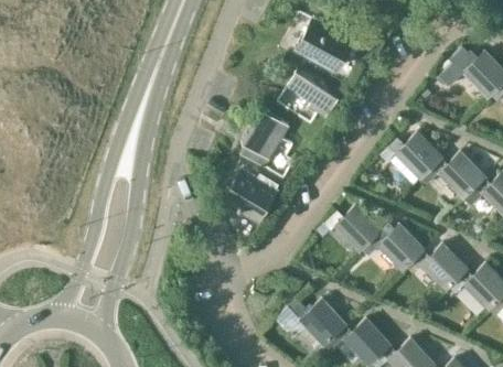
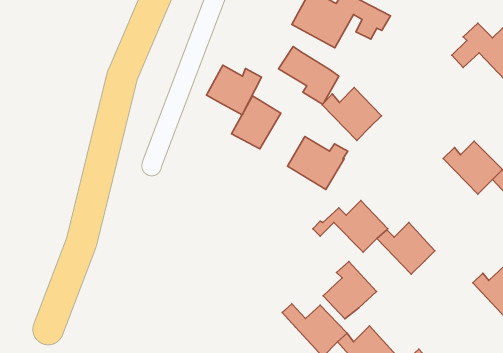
building: none -> [206,65,262,115]
building: [389,133,442,181] -> [322,88,381,140]
building: [225,172,279,219] -> [288,137,348,189]
building: [416,246,468,292] -> none
building: none -> [323,262,376,319]

